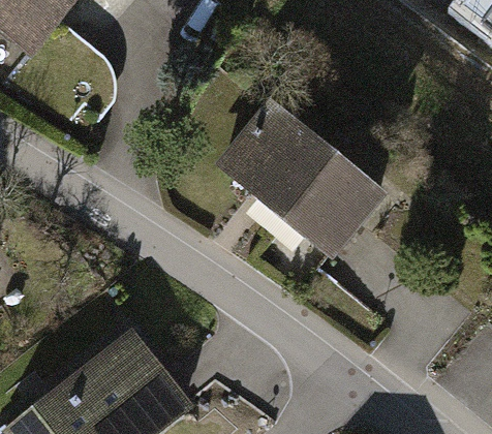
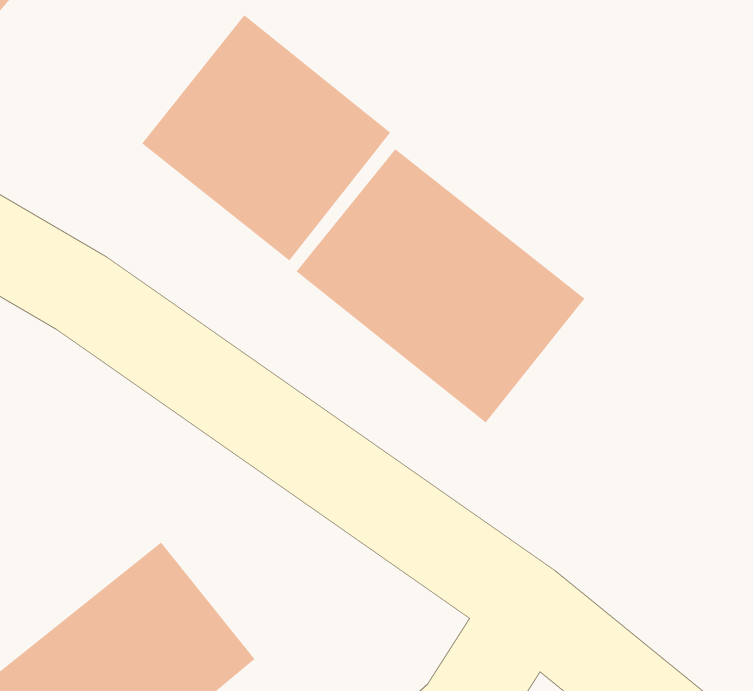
building: none -> [141,14,391,261]

